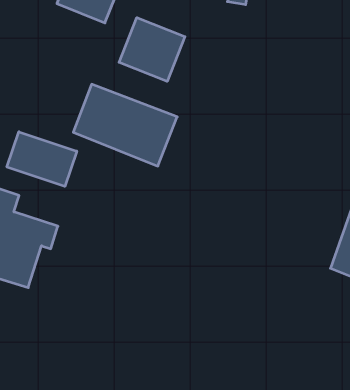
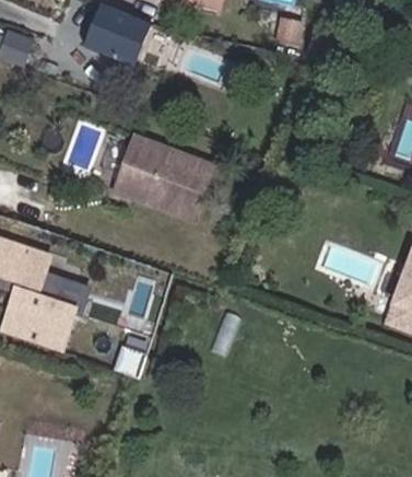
building: [119,18,185,81] -> none
building: [7,132,77,186] -> none

